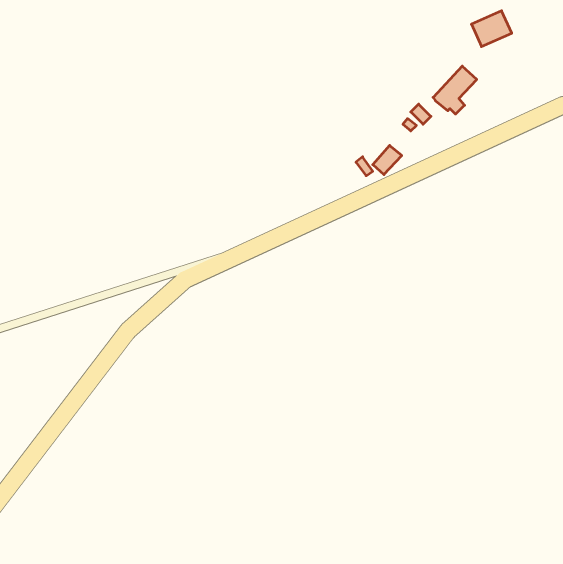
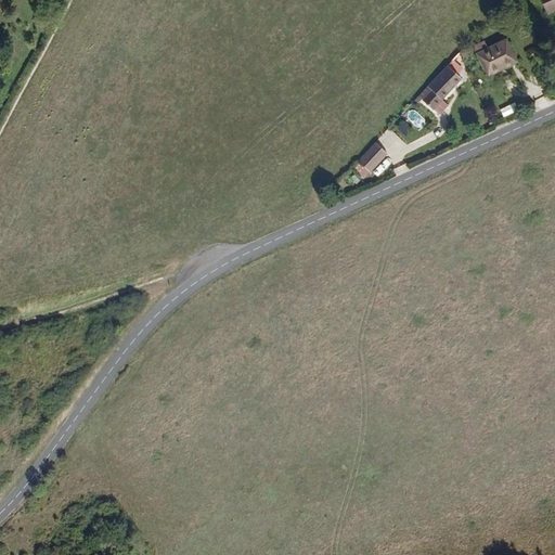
building: [471,11,512,47] -> [477,39,516,74]

